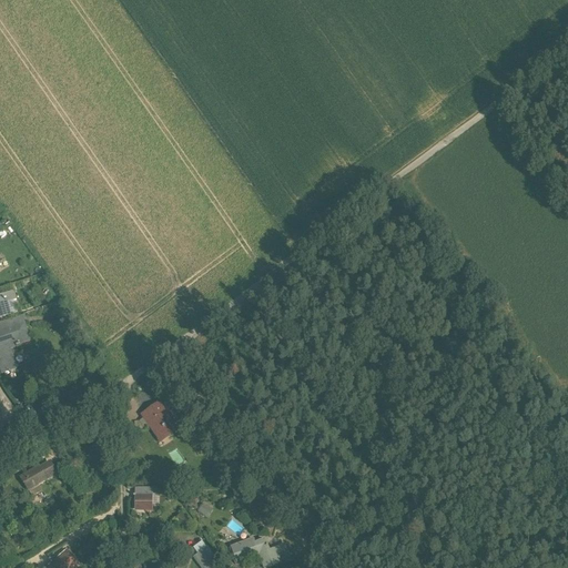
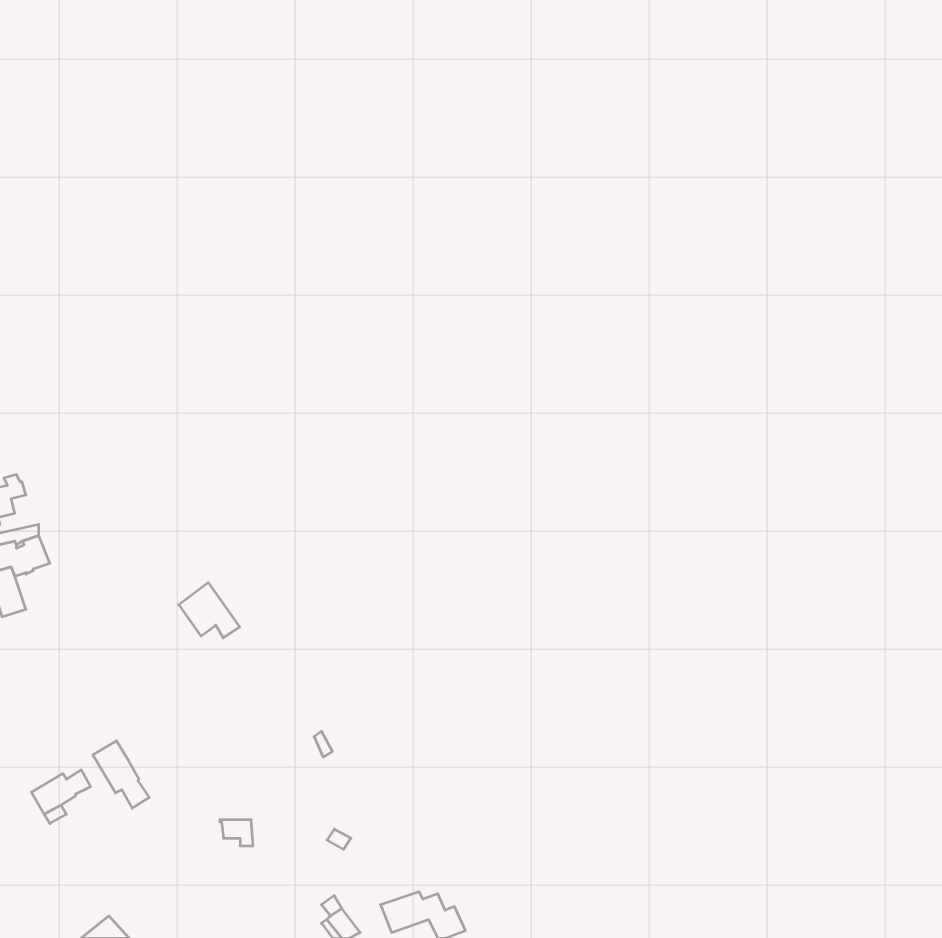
building: [141,399,178,433] -> [179,583,240,638]
building: none -> [93,741,149,808]

